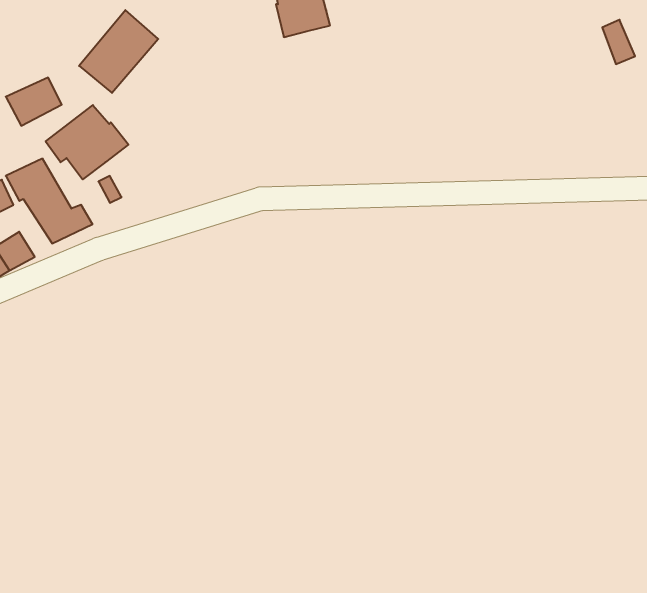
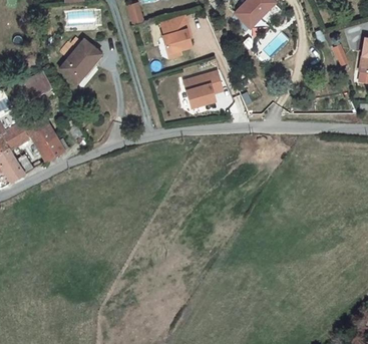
building: none -> [185,73,223,109]
building: [46,105,128,179] -> none

